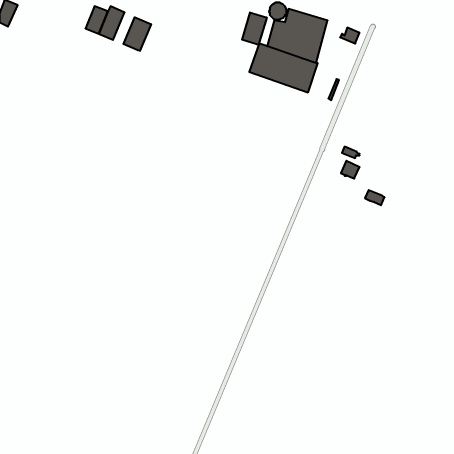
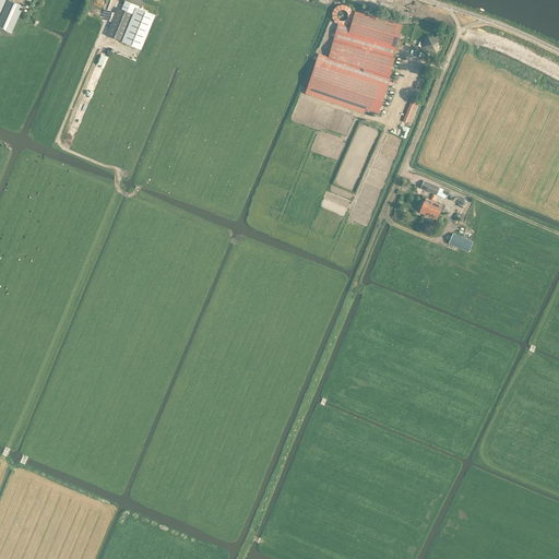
building: [242,12,267,45] -> none
building: [123,17,151,51] -> none

